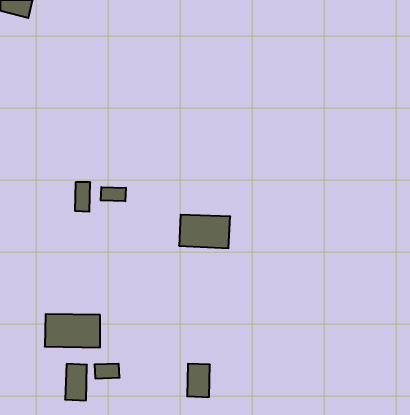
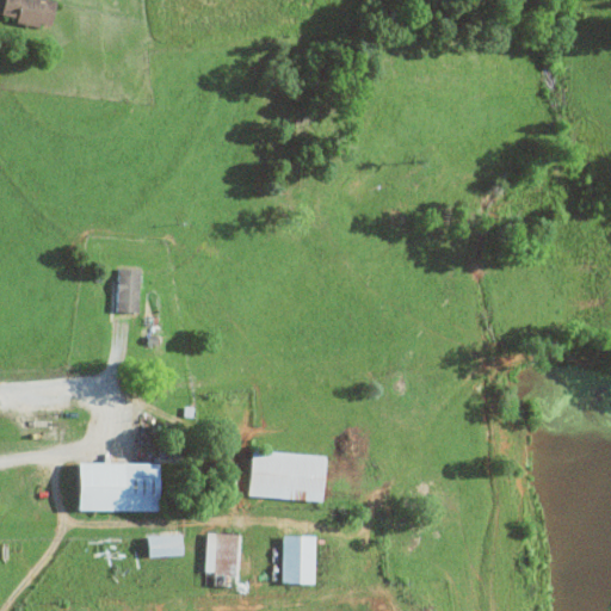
building: [101,187,126,201] -> none
building: [179,215,230,248] -> [249,451,325,500]
building: [65,364,87,400] -> [206,532,239,586]

